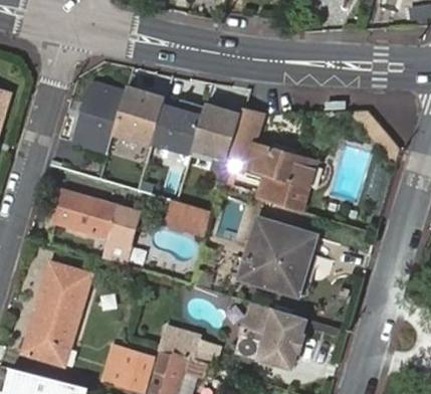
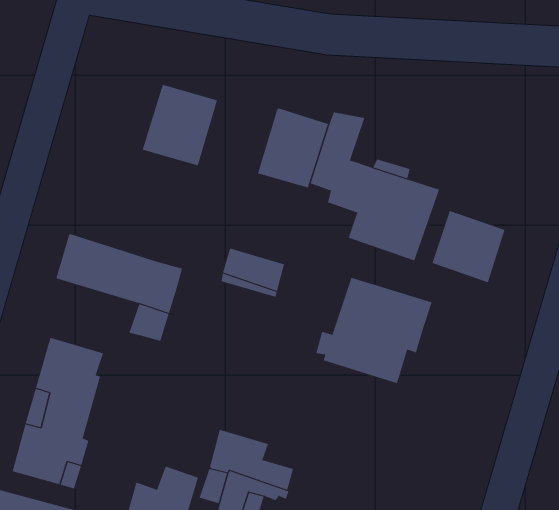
building: [73,82,126,154] -> none
building: [152,100,205,156] -> none
building: none -> [431,210,505,283]
building: [235,305,304,370] -> none

